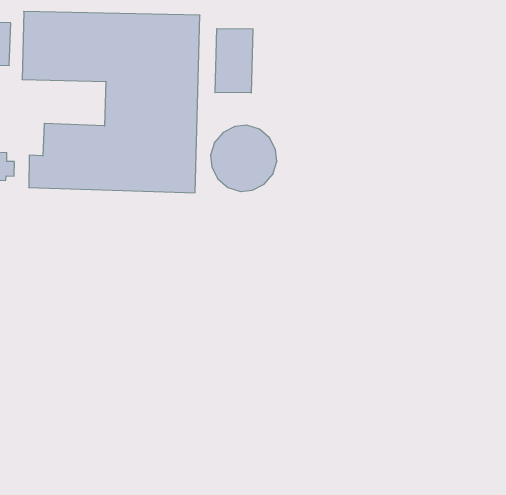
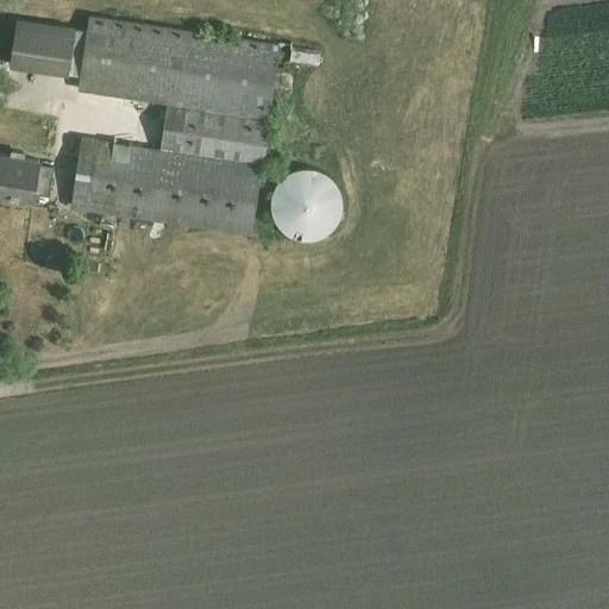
building: [215,29,253,93] -> none

